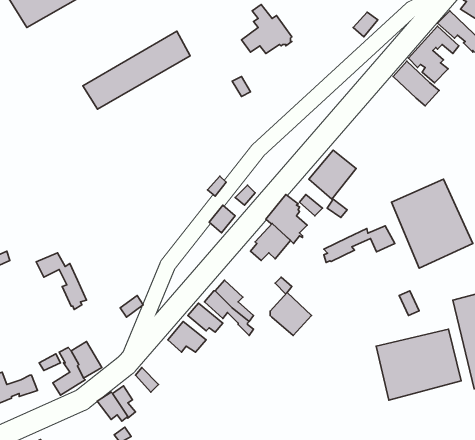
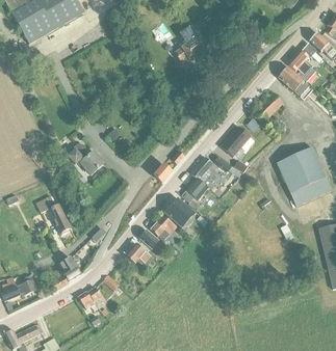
building: [83,31,190,109] -> none
building: none -> [252,92,282,125]
building: none -> [68,143,103,173]
building: [324,226,395,262] -> none
building: [270,293,312,336] -> [165,197,193,226]
building: [376,329,461,400] -> none

